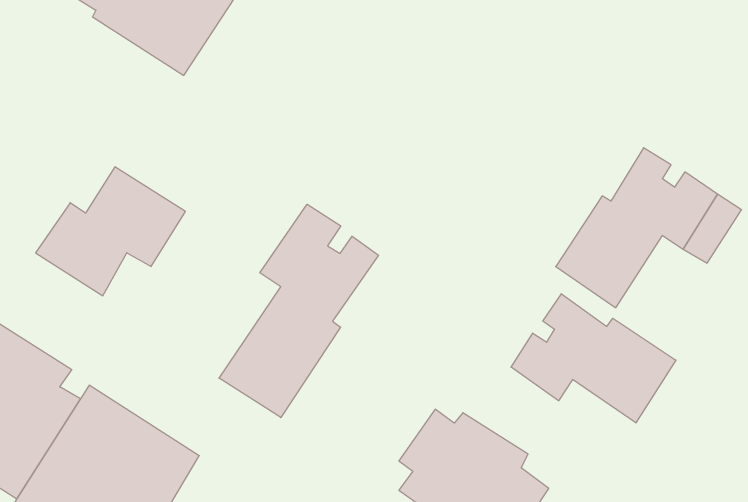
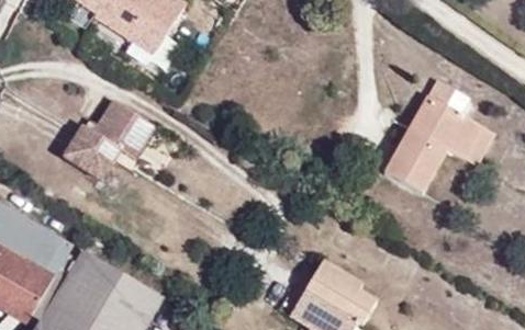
building: [219,204,379,418] -> none
building: [511,294,676,423] -> none

